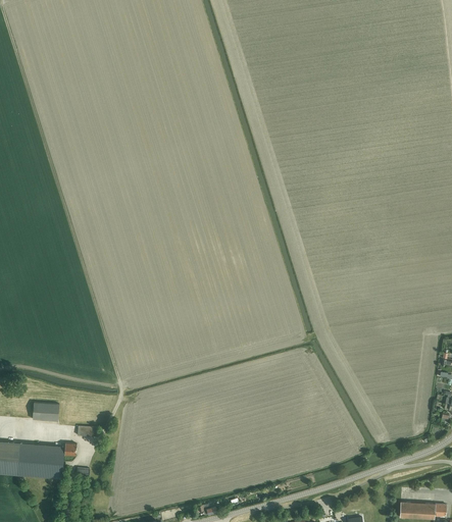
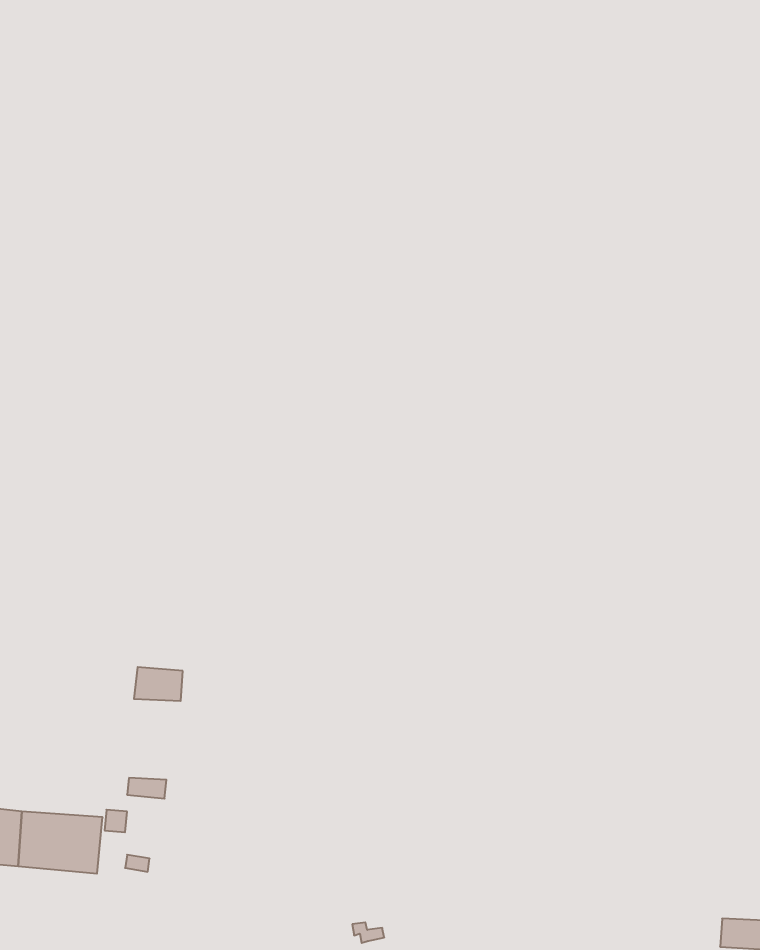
building: [32,403,58,421] -> [134,667,183,701]

